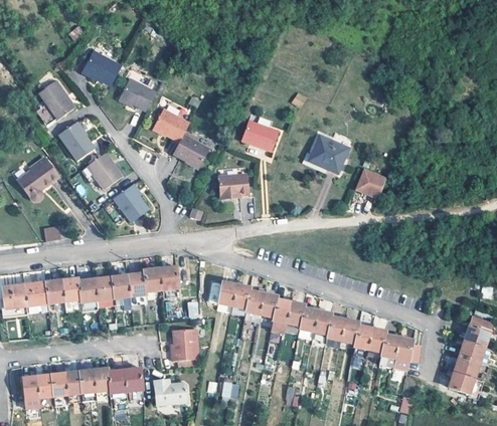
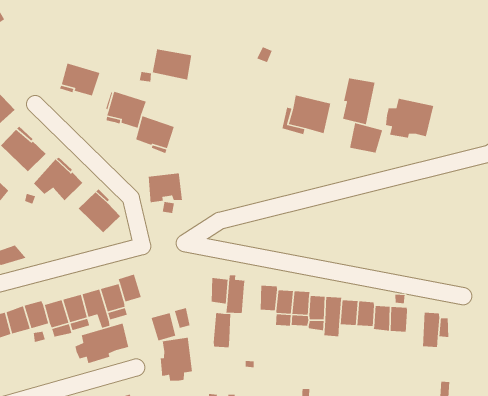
building: [84,53,122,87] -> none
building: [239,120,276,151] -> [152,48,192,80]
building: none -> [342,78,376,125]
building: none -> [385,98,434,139]
building: [223,176,253,201] -> [148,172,183,203]
building: [158,263,177,286] -> [151,312,176,341]
building: [243,288,263,321] -> [213,312,231,348]
building: none -> [74,323,129,364]
building: [376,333,396,365] -> none

